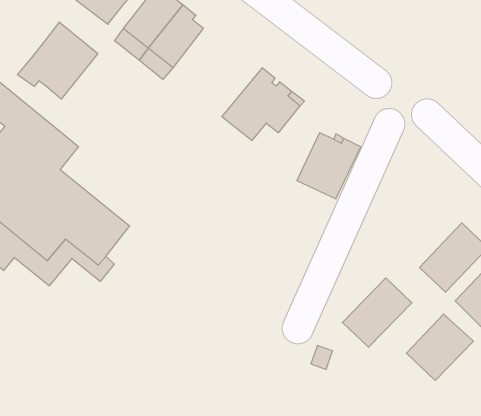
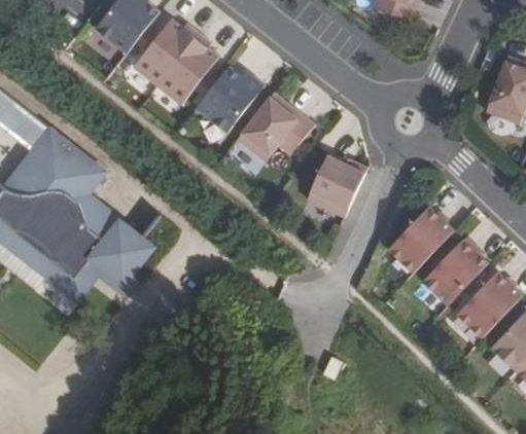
building: [17,22,98,99] -> none
building: none -> [197,66,265,132]
building: [342,278,412,347] -> [388,207,454,273]
building: [406,314,473,380] -> none

